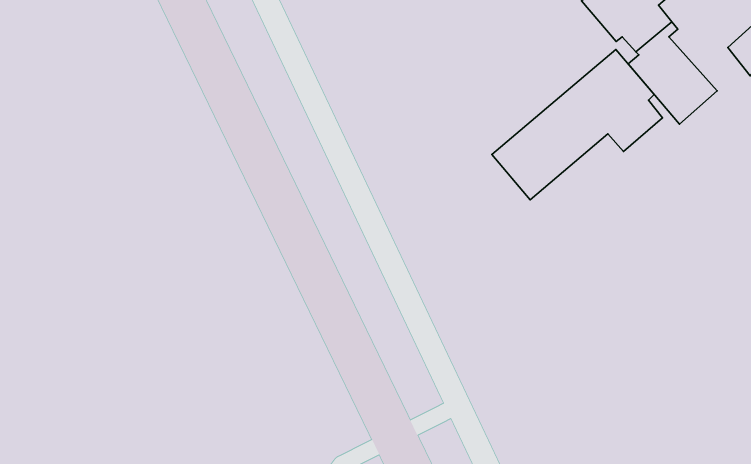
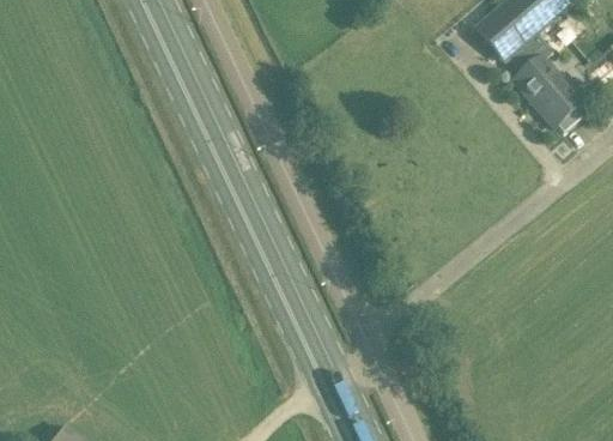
building: [492,49,662,200] -> none

